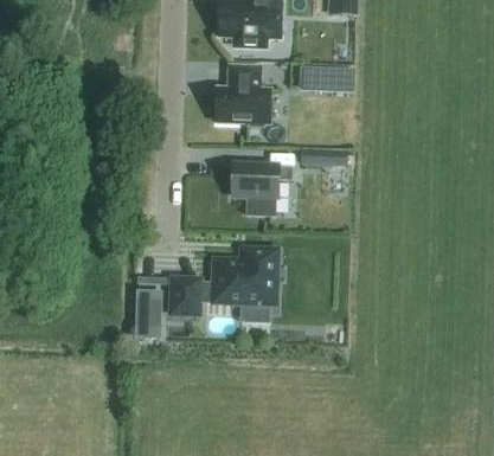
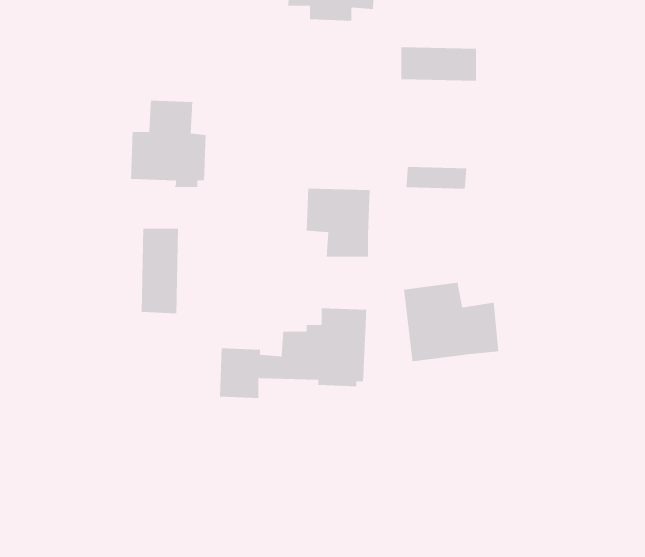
building: [216,66,270,129] -> [130,100,207,188]
building: none -> [403,282,499,362]
building: [135,276,162,338] -> [141,228,179,314]

